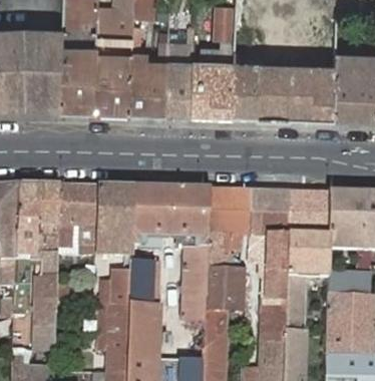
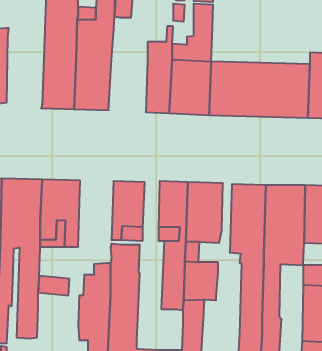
building: [24,30,63,112] -> none
building: [128,36,169,116] -> none
building: [97,186,133,256] -> none

